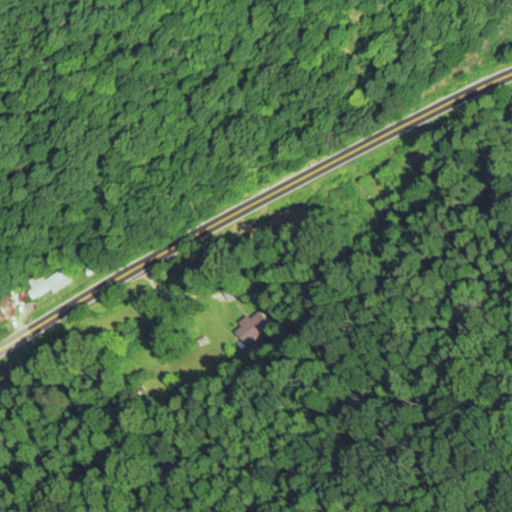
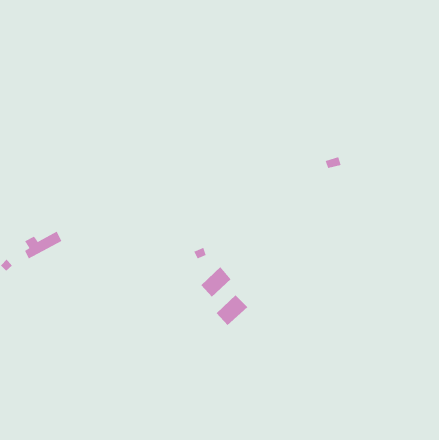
building: none -> [216,295,248,326]

